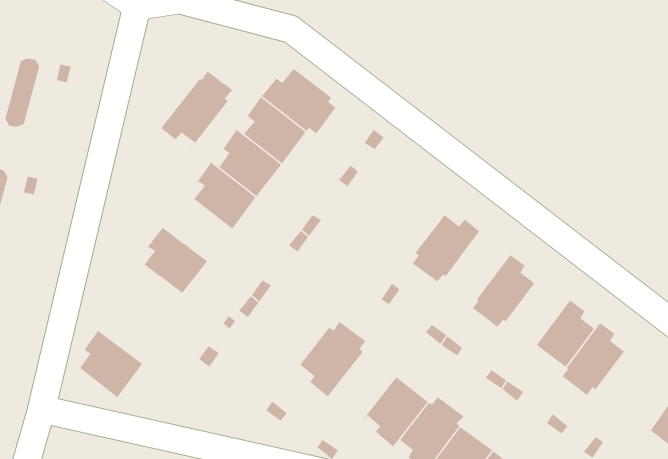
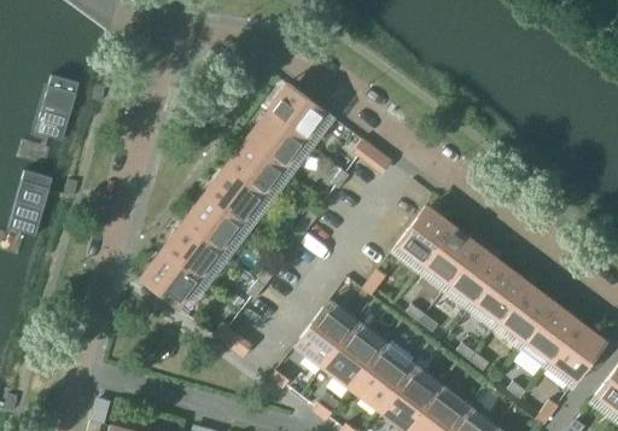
building: [160,70,233,151] -> none
building: none -> [183,194,243,251]
building: none -> [420,226,478,289]
building: none -> [474,264,529,322]
building: [79,330,143,398] -> [146,250,200,308]
building: none -> [547,322,601,385]
building: none -> [323,328,381,388]

